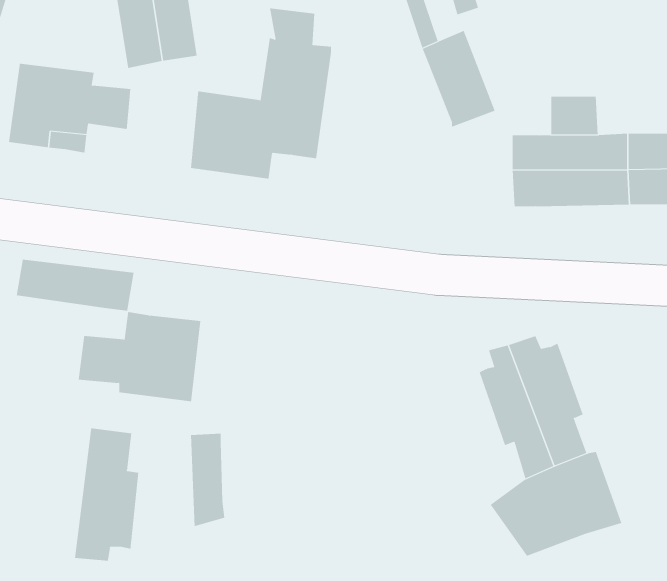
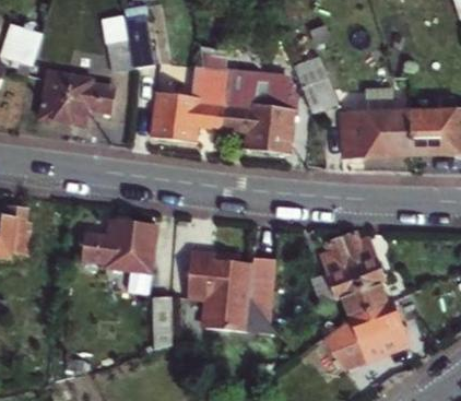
building: none -> [226,66,294,153]
building: [16,259,134,312] -> none
building: none -> [188,248,276,331]
building: [74,428,139,562] -> none

